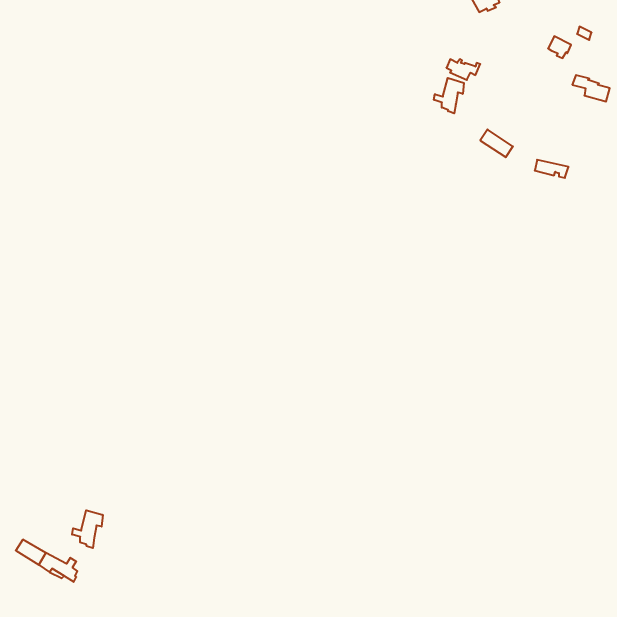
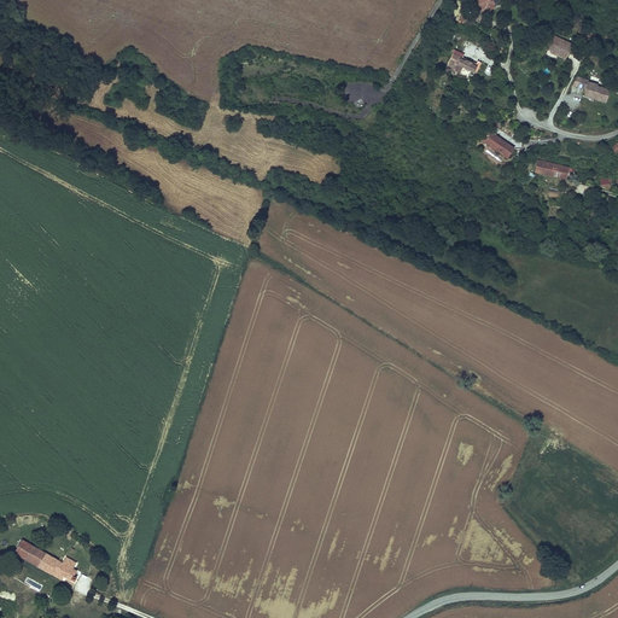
building: [434,78,464,113] -> none
building: [72,510,103,548] -> none

